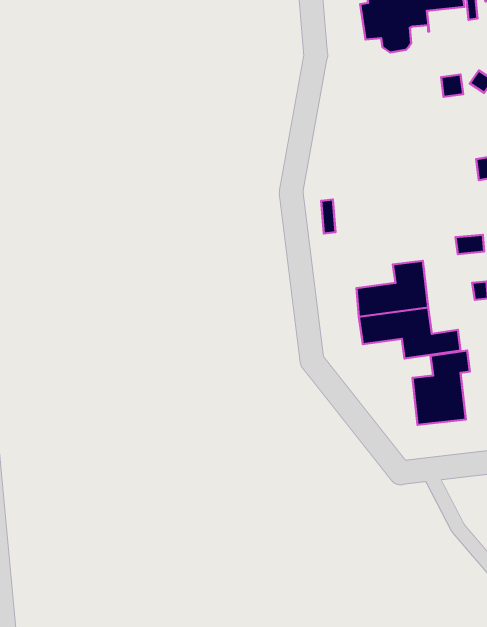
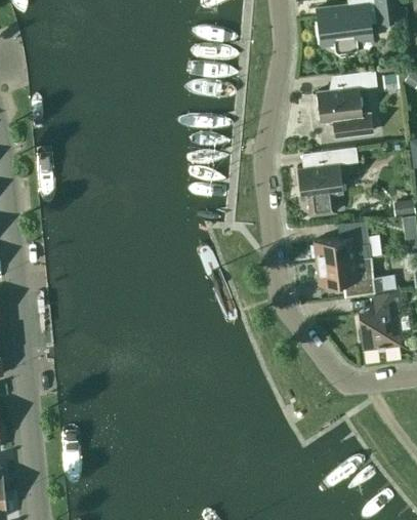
building: none -> [317,72,376,137]
building: none -> [297,148,357,217]

